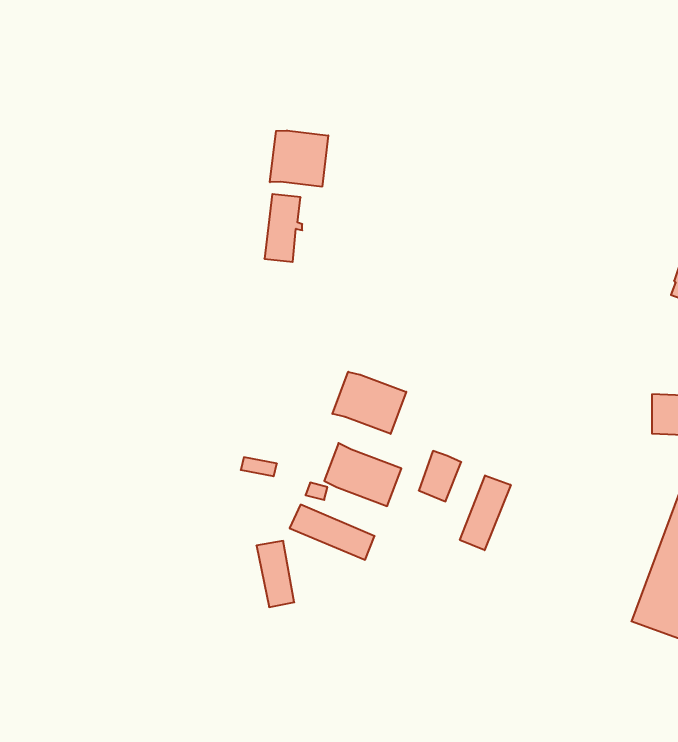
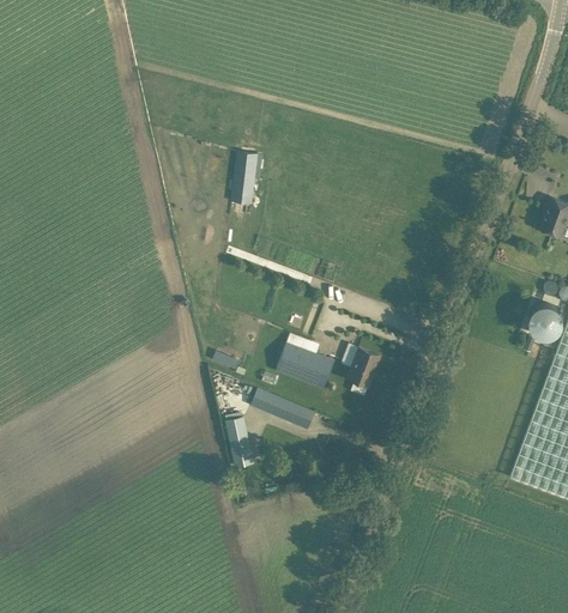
building: [270,130,328,187] -> none
building: [332,372,406,434] -> none
building: [460,475,511,550] -> none

